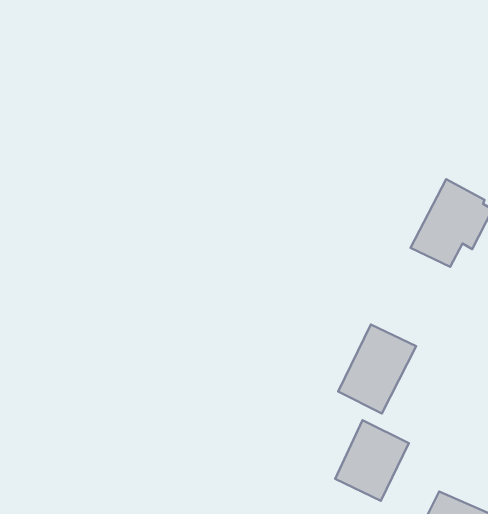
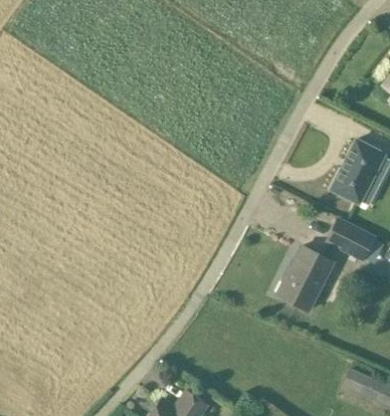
building: none -> [327,218,374,258]
building: [335,420,409,501] -> none

